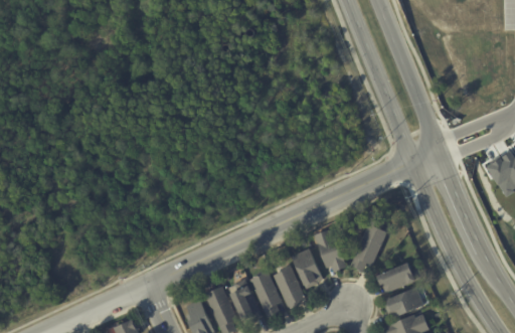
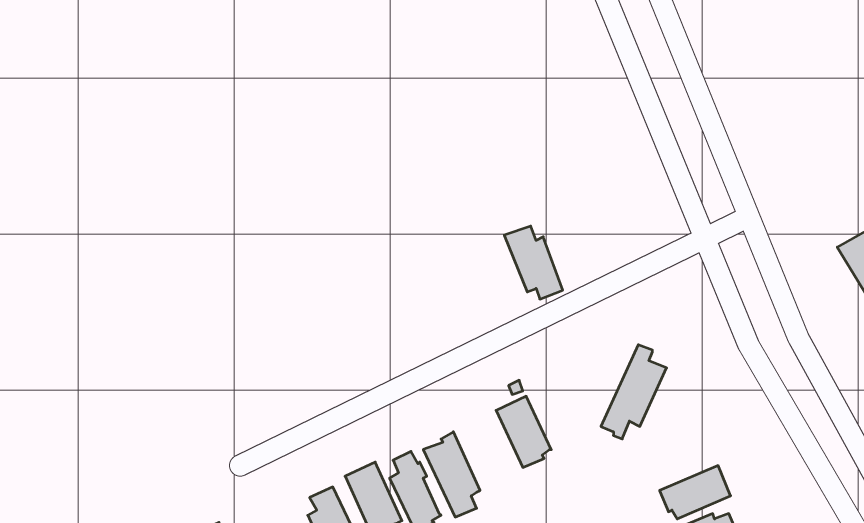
building: [313,230,346,272] -> [504,226,563,299]
building: [378,262,423,293] -> none
building: [273,266,305,310] -> none

